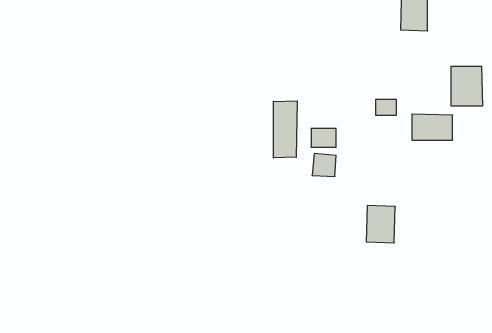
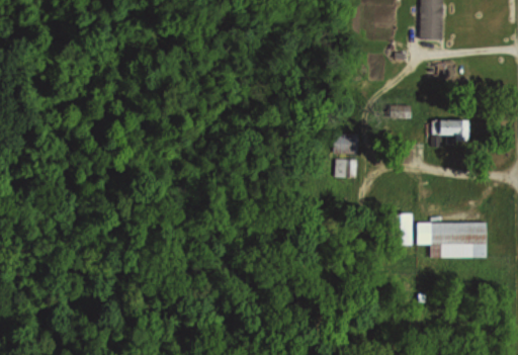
building: [451,66,483,106] -> none
building: [273,101,297,158] -> none
building: none -> [418,220,486,258]

